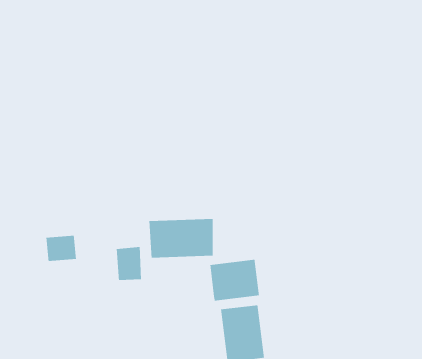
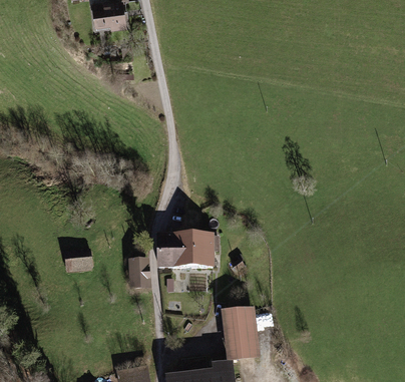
building: [209,259,260,302] -> none

